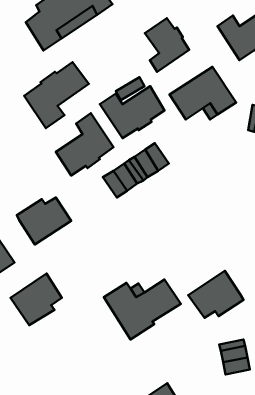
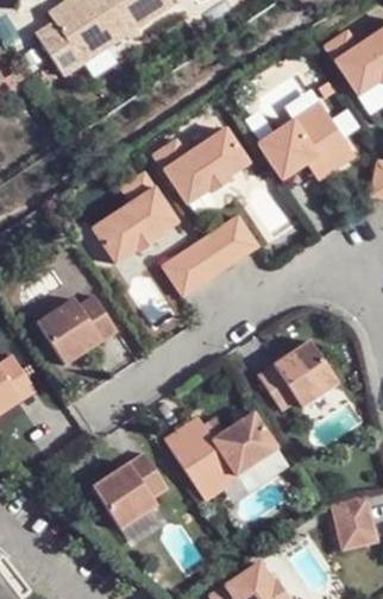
building: [145,18,189,72] -> none
building: [24,62,89,128] -> none
building: [188,271,244,318] -> [255,341,335,410]
building: [11,273,62,325] -> [88,452,163,528]

